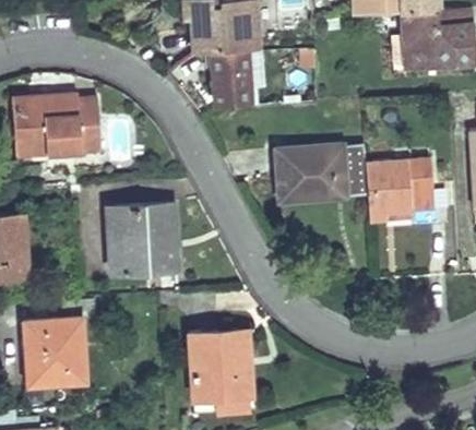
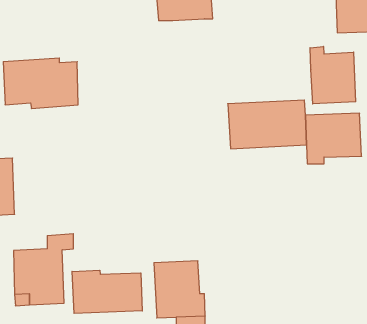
building: [212,50,251,107] -> none
building: none -> [310,46,356,104]
building: [118,205,177,272] -> none
building: none -> [72,270,142,313]

